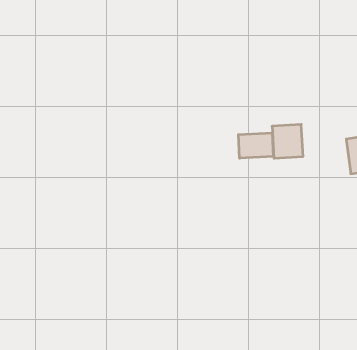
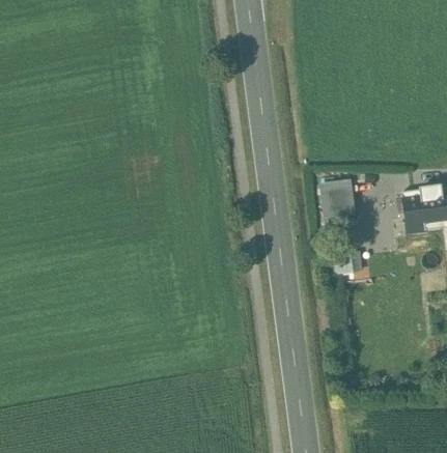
building: [238,133,273,158] -> none

